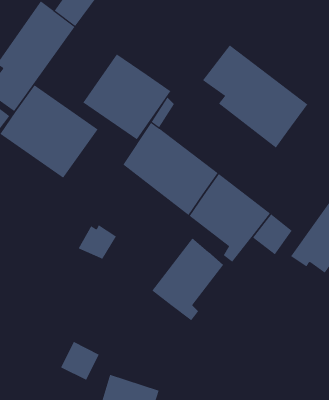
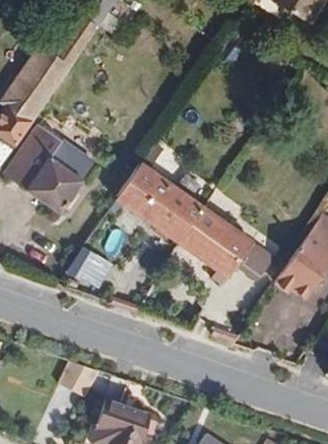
building: [202,45,308,148] -> none
building: [82,53,171,140] -> none
building: [151,237,224,321] -> none

